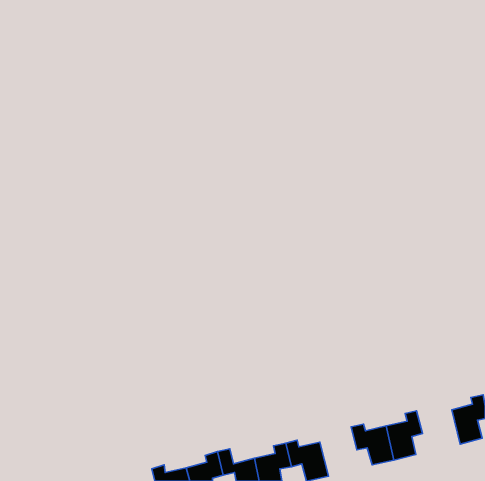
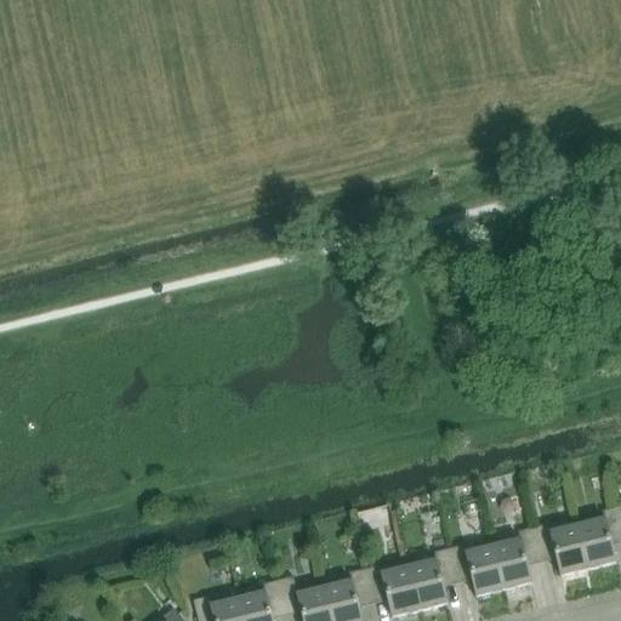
building: none -> [532,522,588,574]
building: none -> [409,546,456,609]

